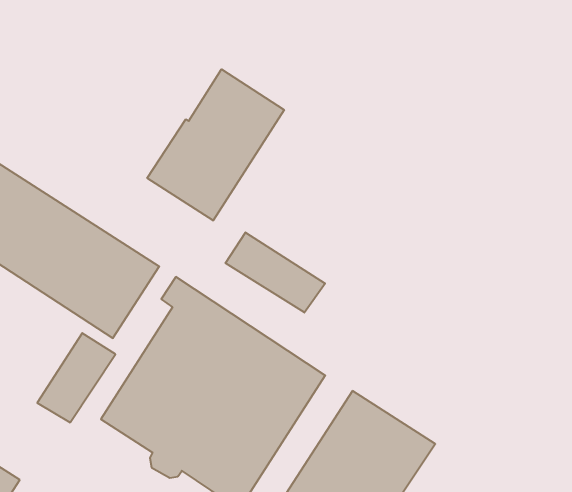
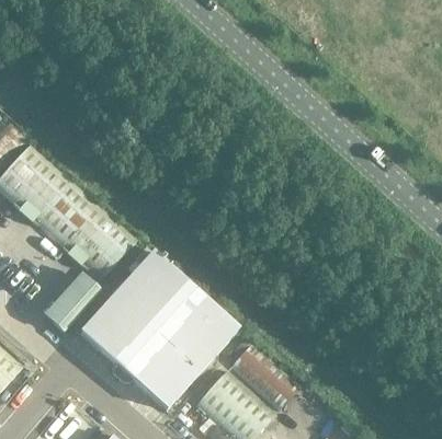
building: [147,69,284,221] -> none
building: [226,232,325,313] -> none

